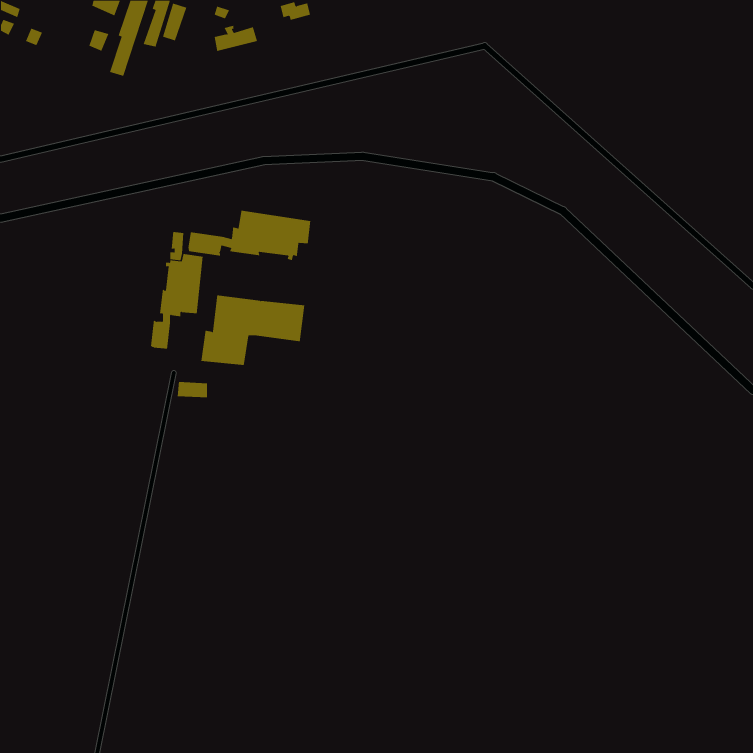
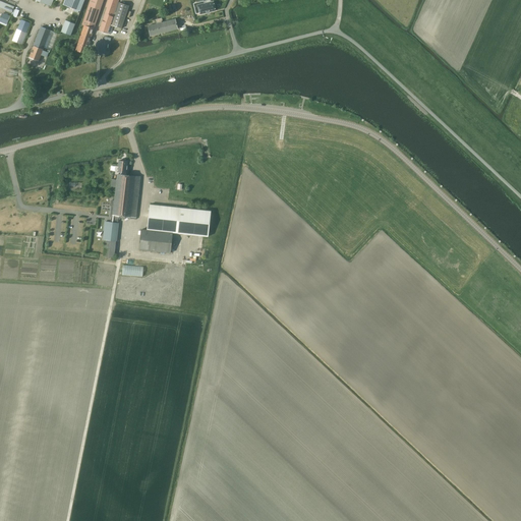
building: none -> [28,26,51,61]
building: [188,210,311,261] -> none

